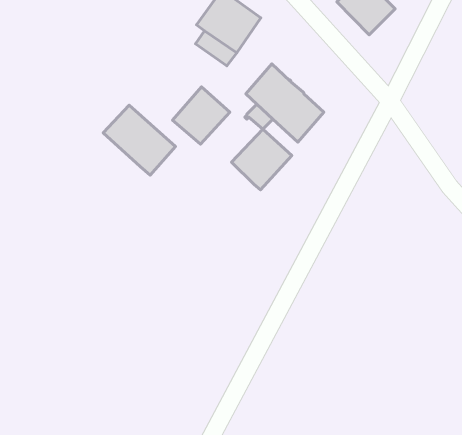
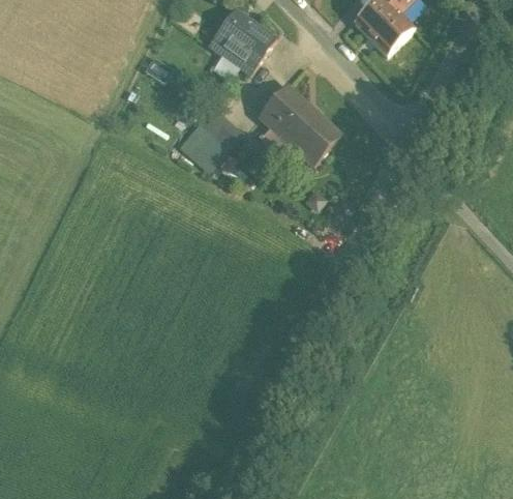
building: [103,105,175,175] -> none
building: [231,129,292,190] -> none

